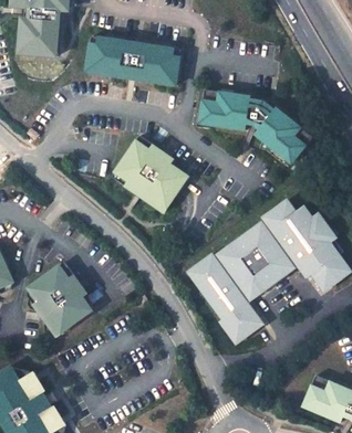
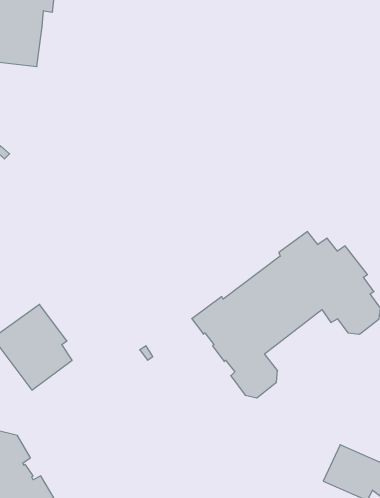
building: [85,39,179,86] -> none
building: [199,89,312,161] -> none
building: [108,135,186,211] -> none

